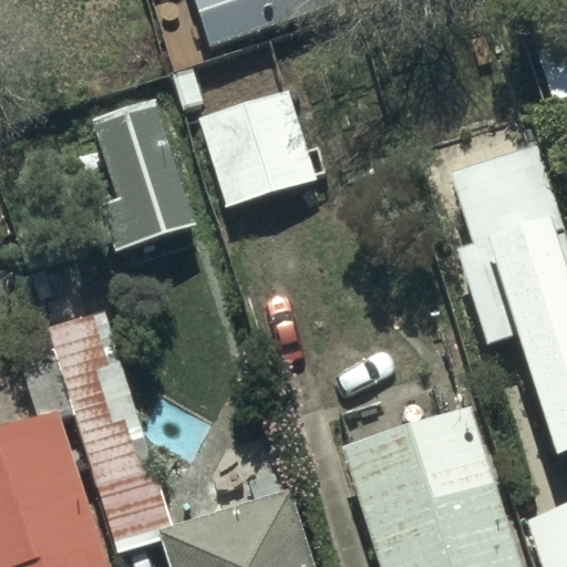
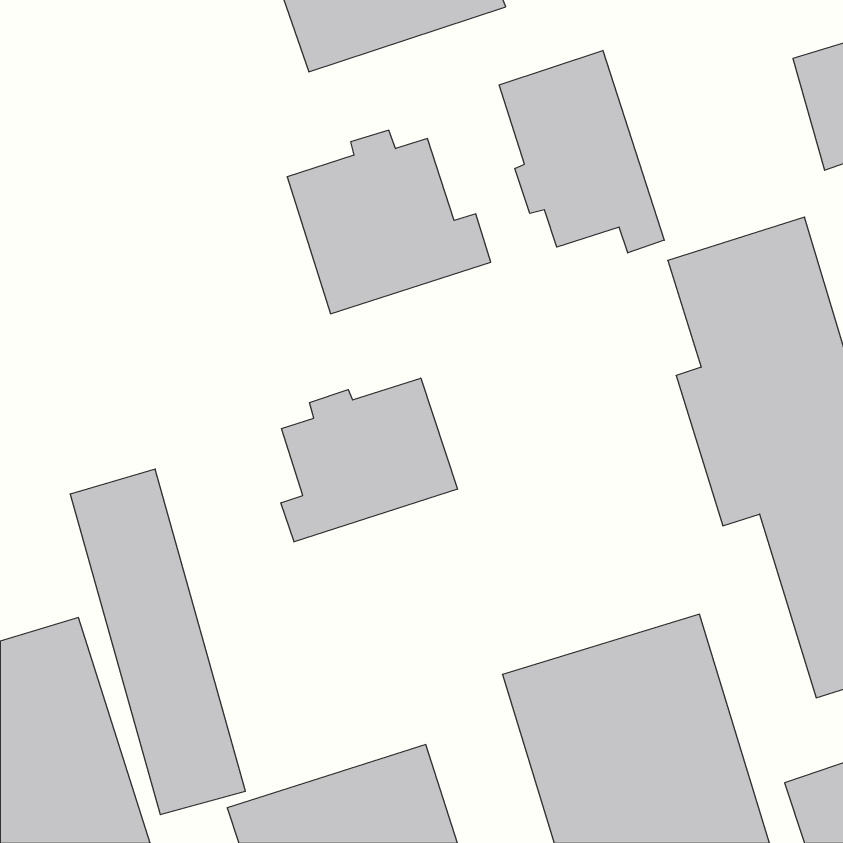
building: none -> [499,50,664,253]
building: [91,94,194,251] -> none
building: none -> [281,378,457,542]

